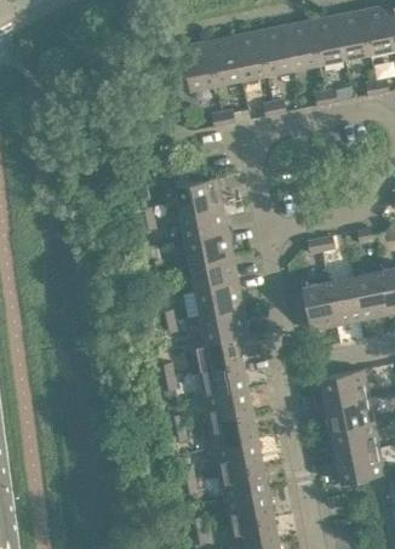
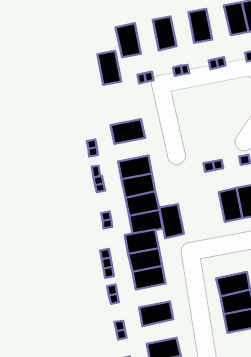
building: [310,16,345,64] -> none
building: [259,25,293,74] -> none
building: [208,36,242,85] -> [97,51,121,85]
building: [179,205,228,239] -> none
building: [302,282,337,331] -> [159,204,184,238]
building: [320,370,368,406] -> none
building: [210,413,258,447] -> none
building: [219,464,268,499] -> none

